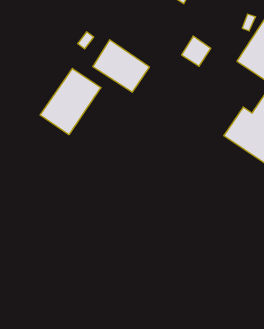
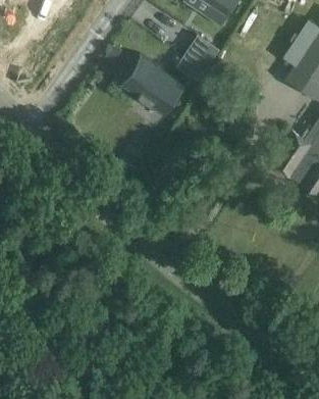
building: [182,36,211,66] -> [183,37,217,71]
building: [40,68,101,135] -> none

